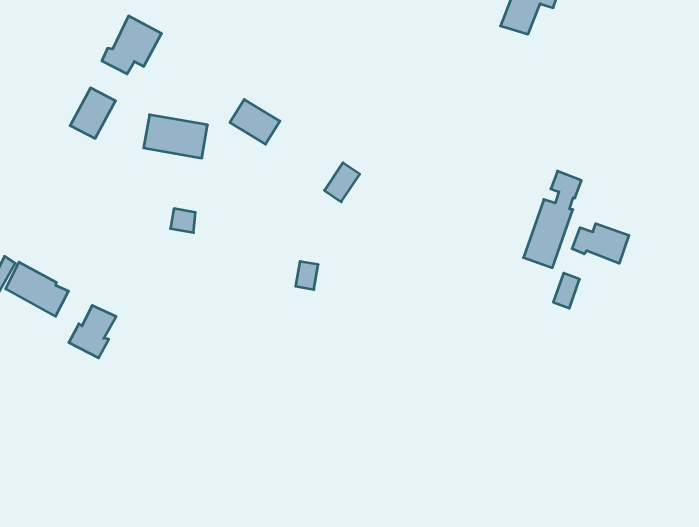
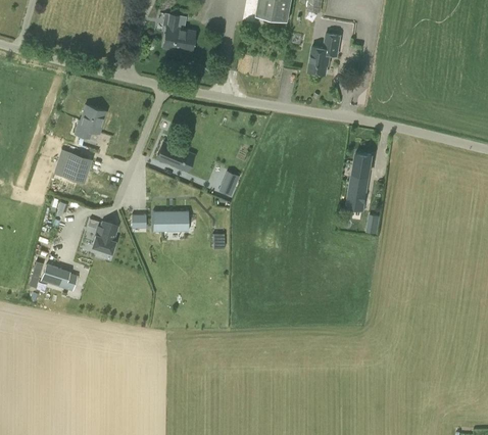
building: [144,115,208,158] -> [152,211,188,232]
building: [572,224,629,263] -> none
building: [69,305,116,358] -> [92,223,117,253]

